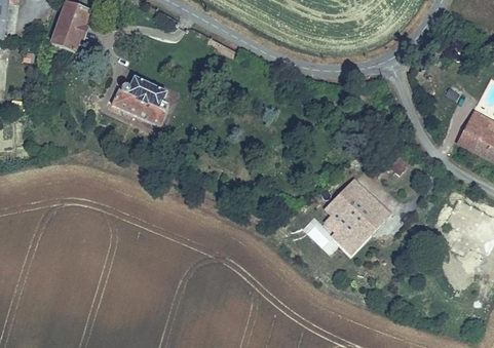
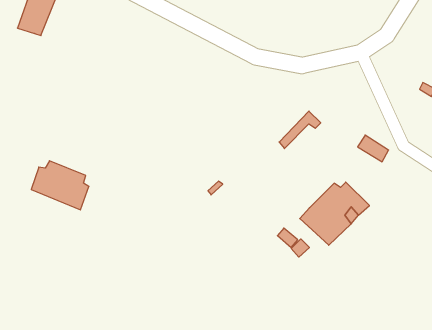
building: [114,78,169,125] -> [31,161,89,210]
building: [326,180,366,216] -> [279,111,321,149]

